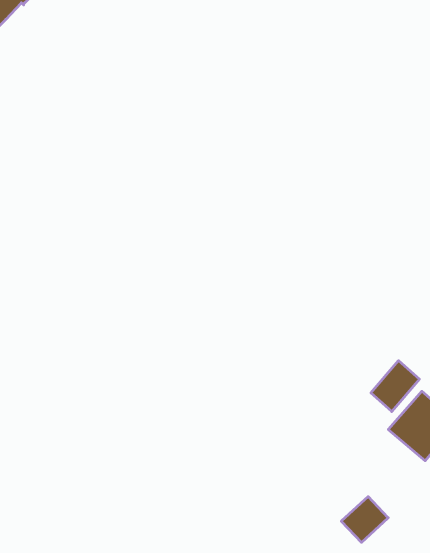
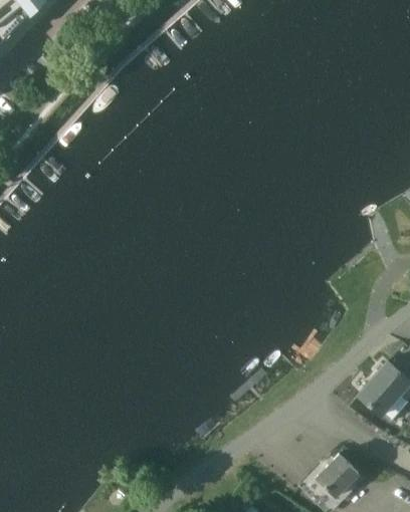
building: [371,361,419,412] -> none

